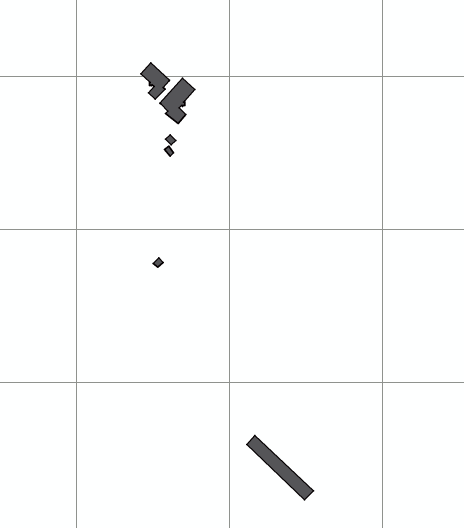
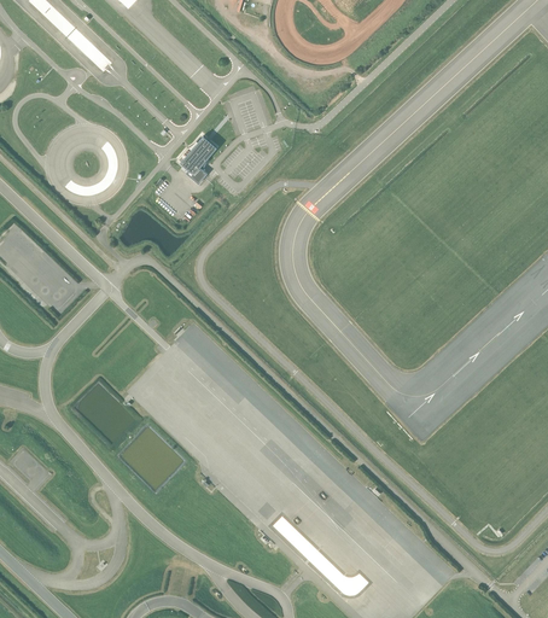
building: [141,63,170,99] -> none

